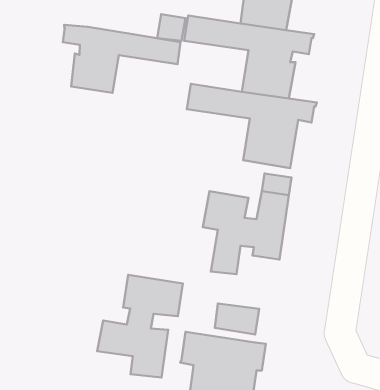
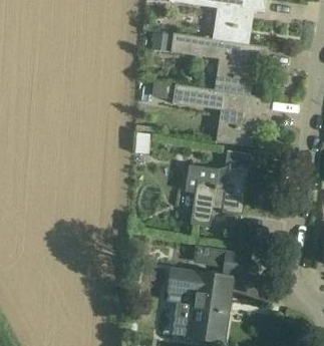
building: [63,25,180,93] -> none
building: [97,275,183,377] -> none

